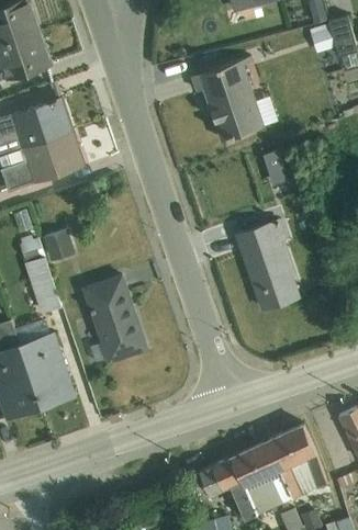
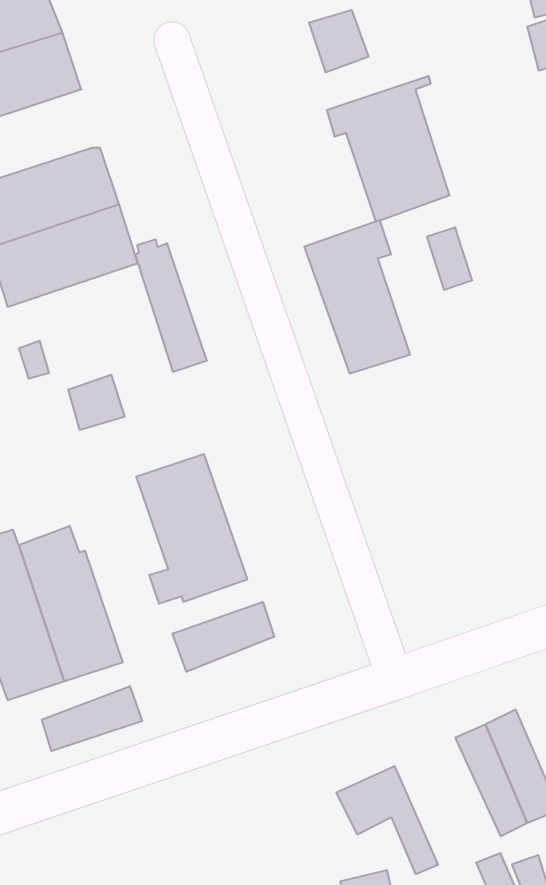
building: none -> [309,10,368,72]
building: [237,221,299,309] -> [304,220,410,373]
building: [20,237,61,314] -> [135,240,207,372]
building: none -> [173,602,274,672]
building: none -> [42,686,142,751]
building: [233,441,294,515] -> none

